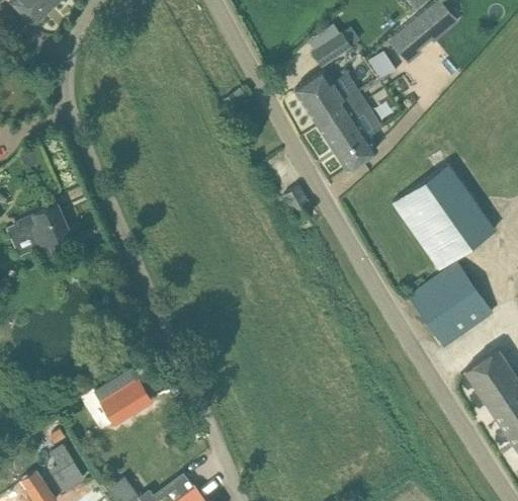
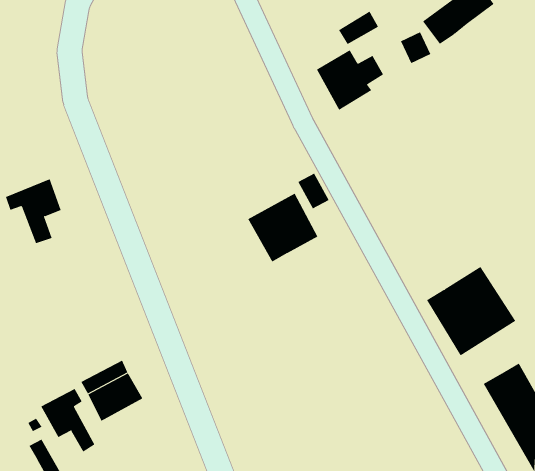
building: [318,91,376,170] -> none
building: [393,164,494,269] -> none
building: none -> [247,193,318,262]
building: none -> [40,388,95,453]

